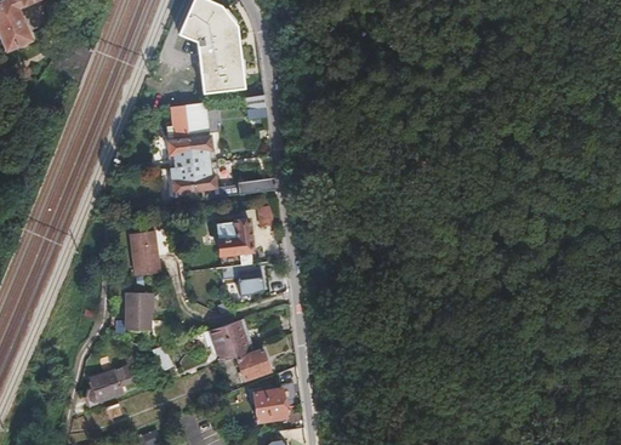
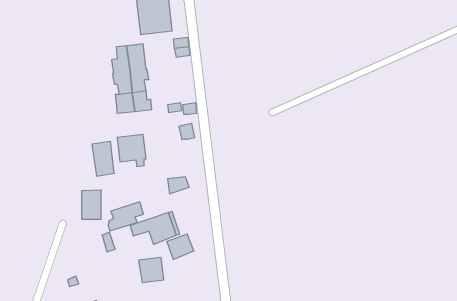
building: [215,219,252,261] -> [117,135,146,166]
building: [87,366,133,404] -> [108,202,144,231]
building: [252,389,285,422] -> [139,257,164,283]

